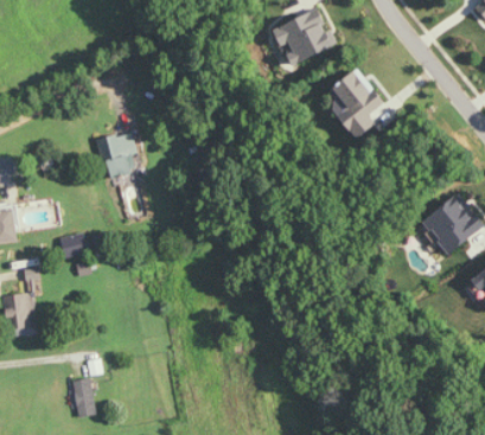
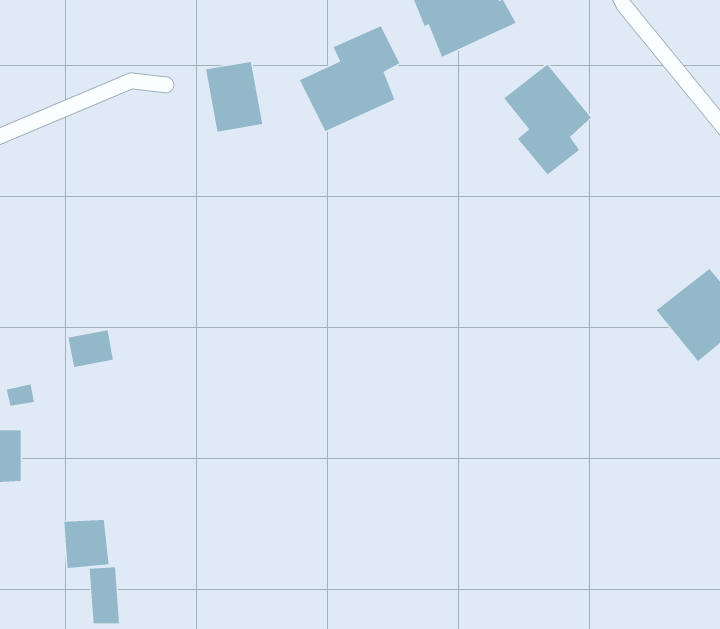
building: none -> [299,25,401,132]
building: [100,133,135,177] -> [205,61,263,132]
building: none -> [64,519,110,569]

